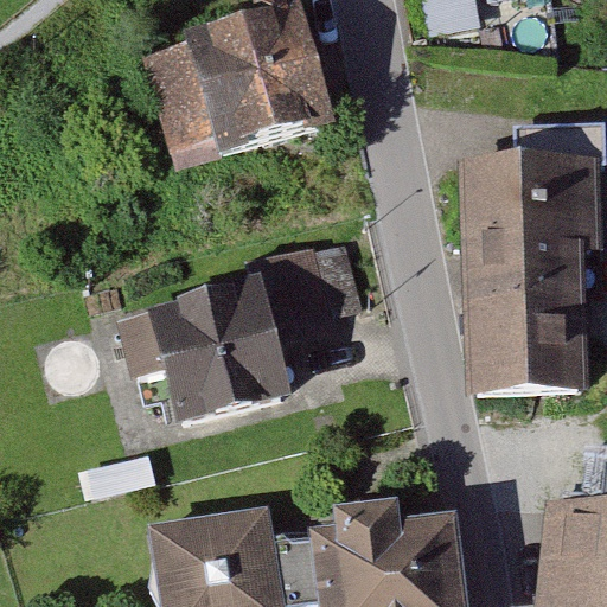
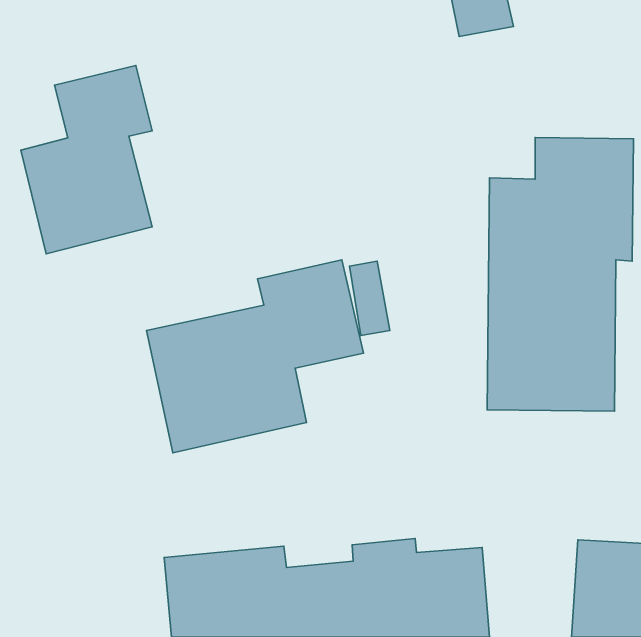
building: [154,11,319,165] -> none
building: none -> [21,65,152,254]

